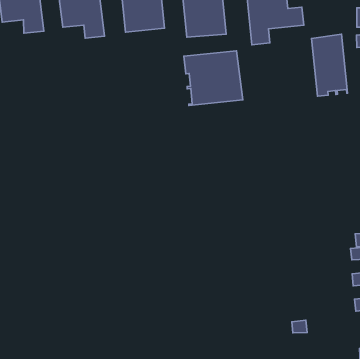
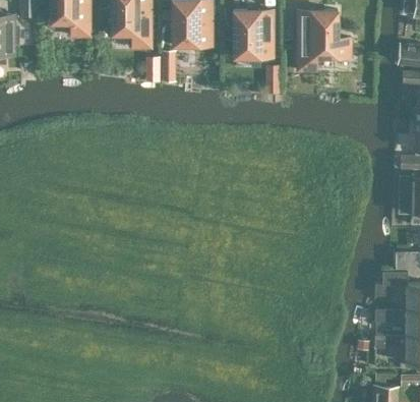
building: [312,34,348,96] -> none
building: [184,51,243,105] -> none

